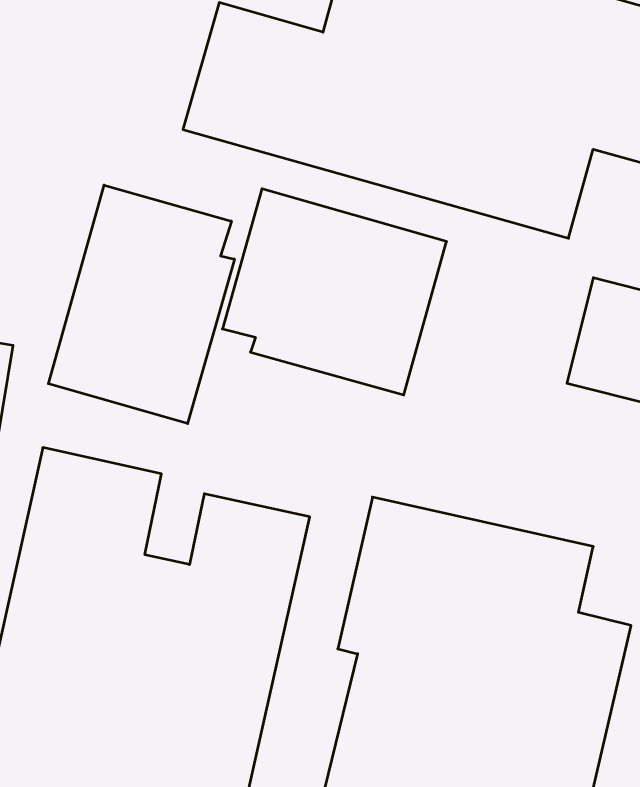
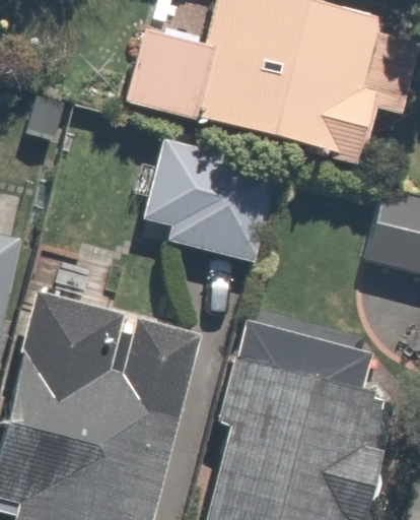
building: [48,185,234,424] -> none

